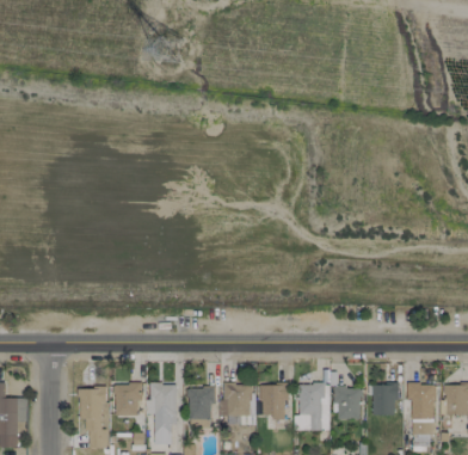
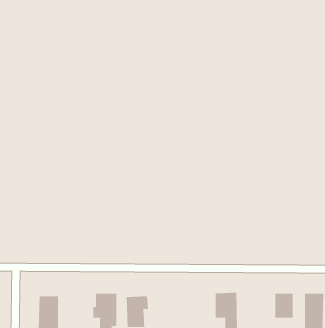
building: [113,382,140,416] -> none
building: [221,382,251,416] -> none
building: [260,383,287,418] -> none
building: [333,387,362,419] -> none

